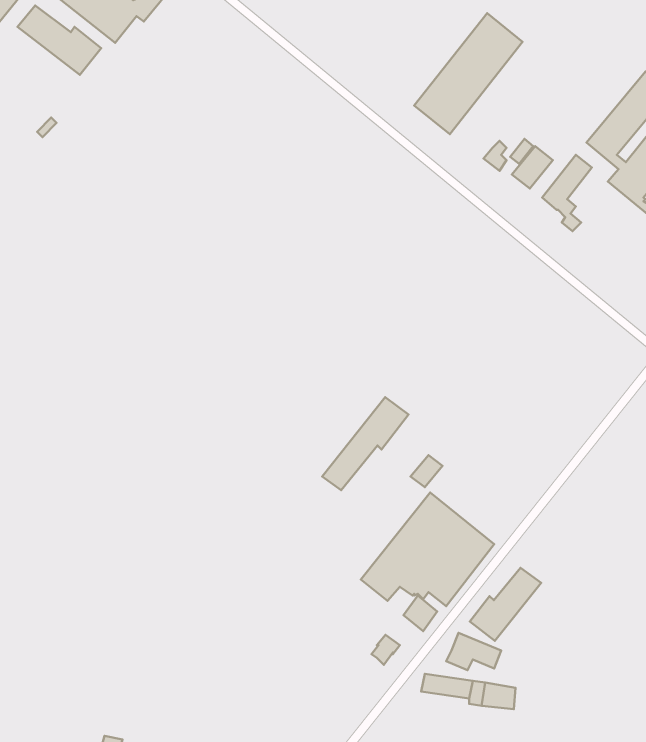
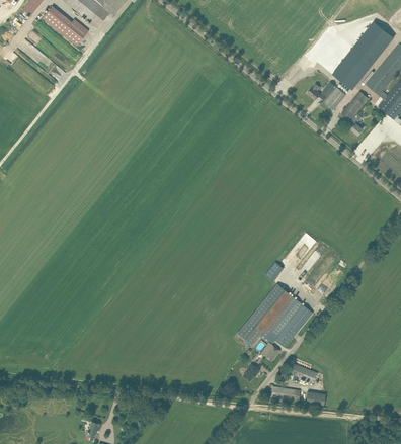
building: [414,13,523,134] -> [332,21,394,90]
building: [322,397,409,490] -> none
building: [470,568,541,641] -> none

